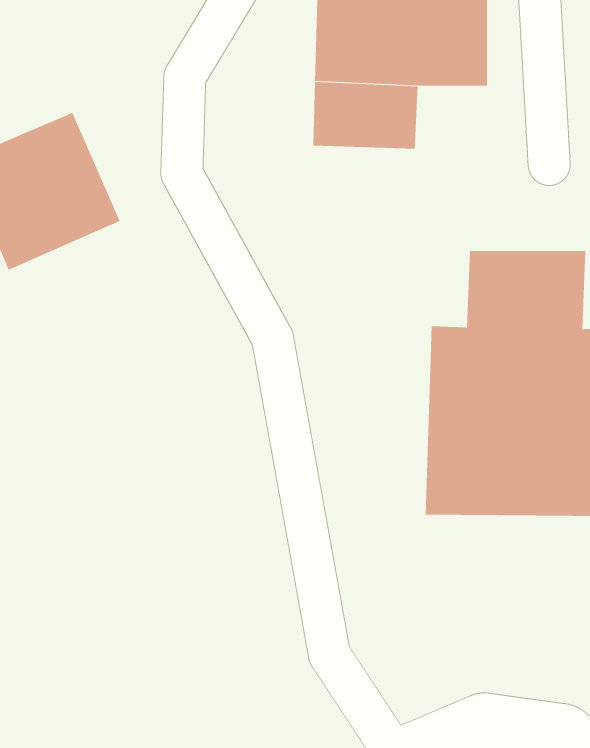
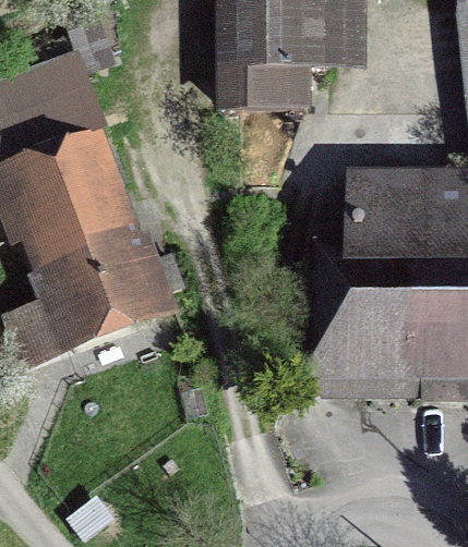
building: none -> [16,165,160,362]

